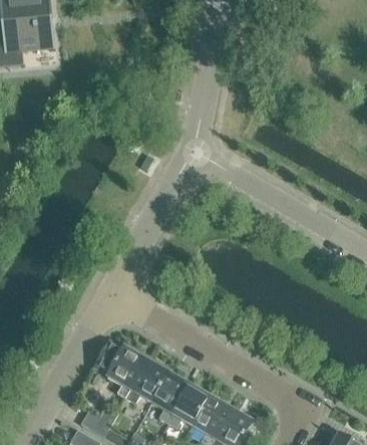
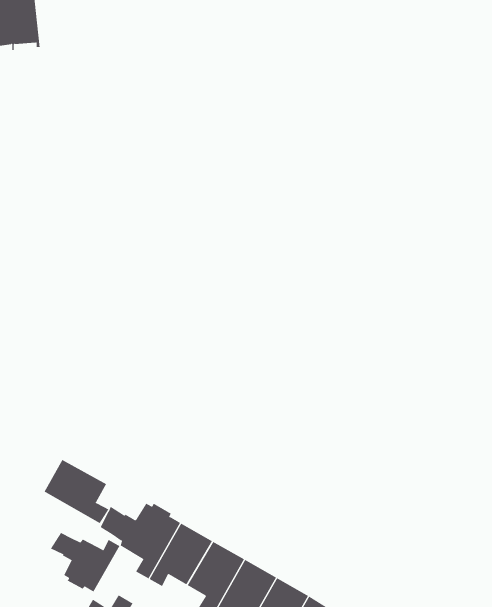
building: none -> [44,459,109,524]
building: none -> [50,532,120,592]

